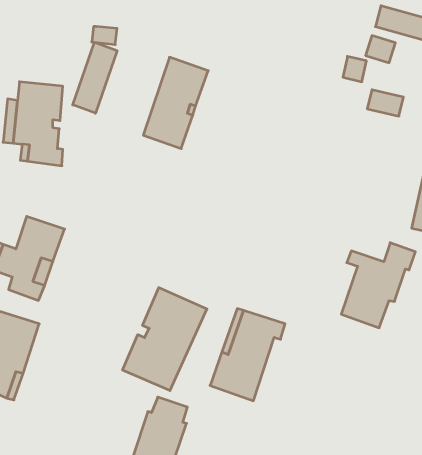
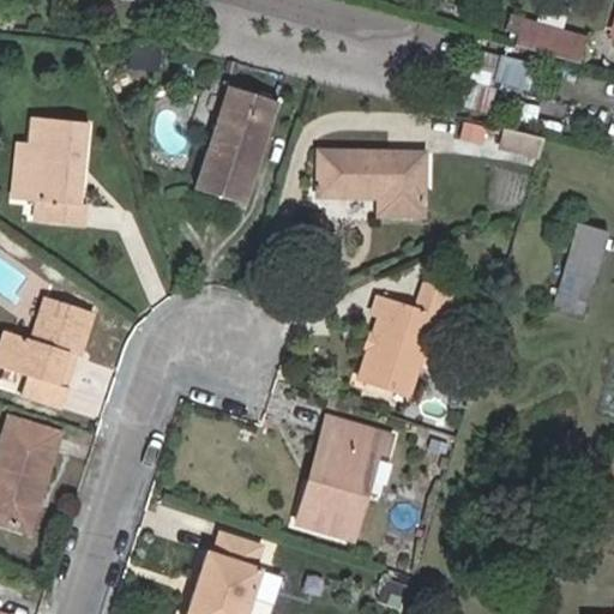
building: [73,42,117,113] -> none
building: none -> [314,157,421,223]
building: [341,243,415,328] -> [355,284,453,397]
building: [123,288,207,391] -> none

